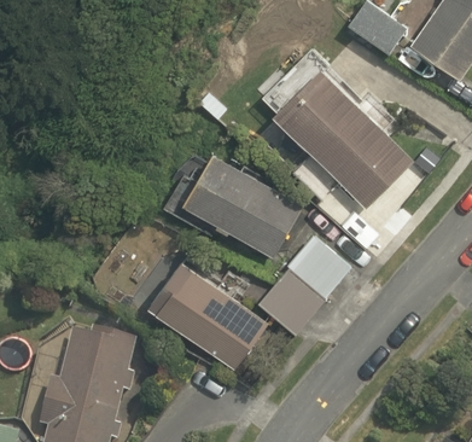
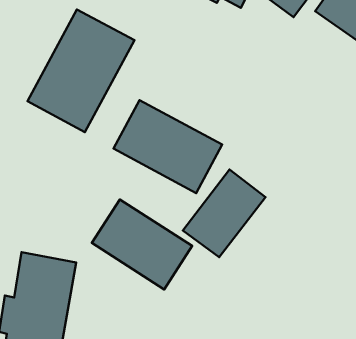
building: none -> [27,9,134,132]
building: [273,68,410,208] -> none

